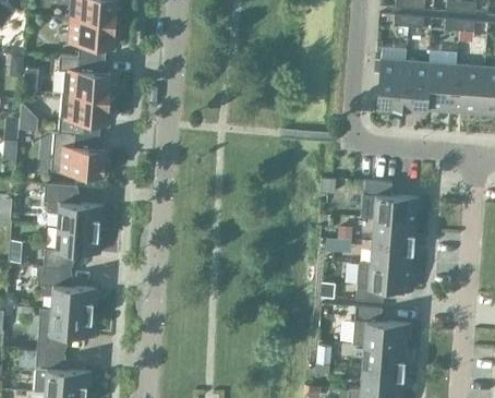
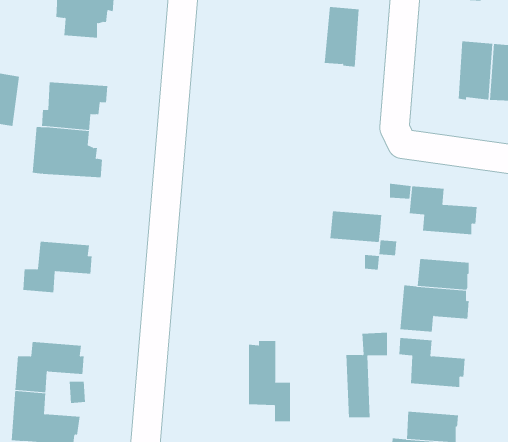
building: [58,55,116,98] -> none
building: [377,59,407,109] -> [324,6,360,67]
building: [44,183,104,230] -> none
building: [372,218,415,244] -> [329,211,382,242]
building: [38,267,98,313] -> none
building: none -> [249,340,291,422]
building: [362,345,406,371] -> none

